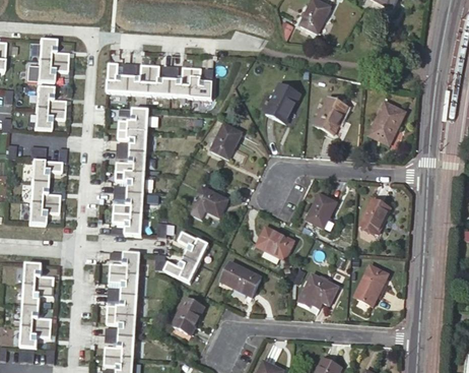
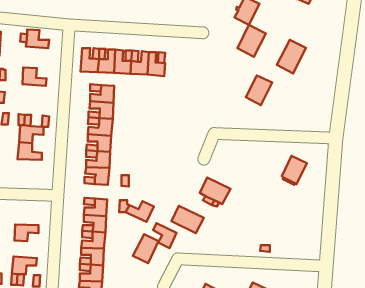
building: [36,60,65,82] -> none
building: [265,82,300,123] -> [238,25,266,57]
building: [368,102,405,144] -> [277,40,306,74]
building: [31,108,62,130] -> none
building: [210,123,242,159] -> none
building: [193,186,228,216] -> none
building: [306,192,337,228] -> none
building: [25,202,57,224] -> none
building: [178,231,207,262] -> [153,223,177,248]
building: [23,262,54,286] -> none
building: [355,264,388,303] -> none
building: [303,272,338,304] -> none
building: [21,305,51,327] -> none

